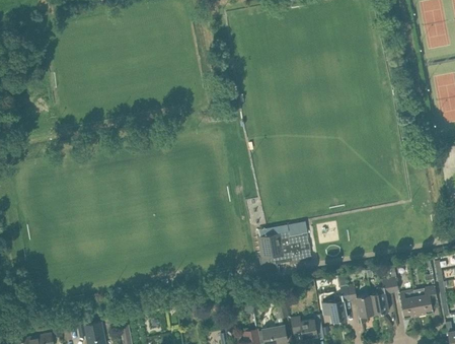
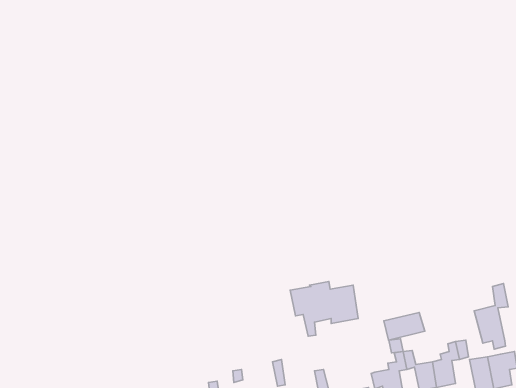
building: none -> [474,284,508,349]
building: none -> [384,312,425,340]

